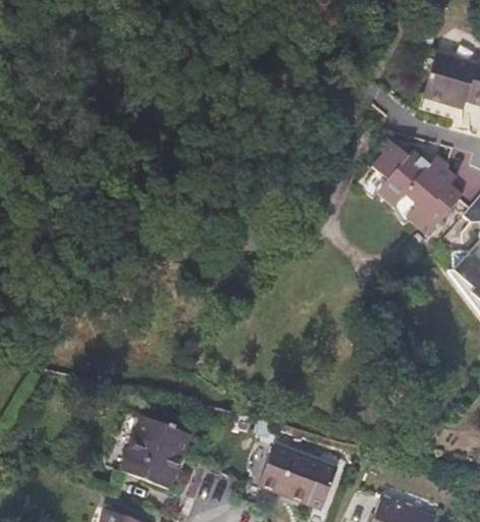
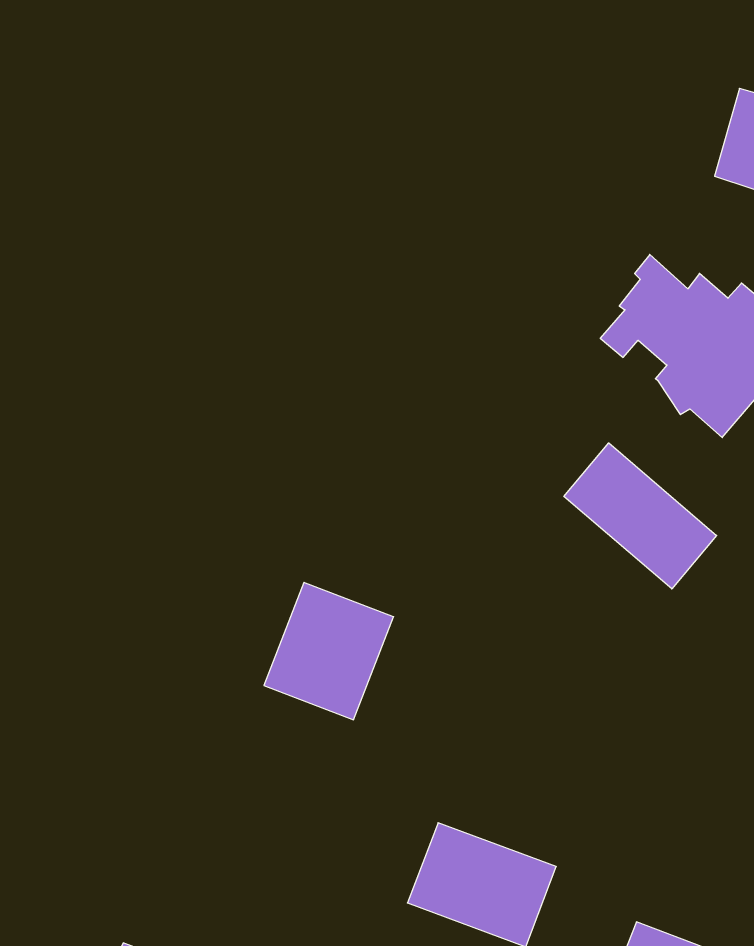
building: none -> [564,443,717,589]
building: [122,415,192,488] -> [264,582,394,720]

